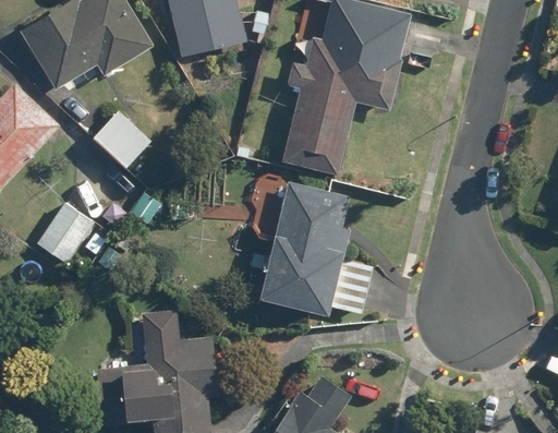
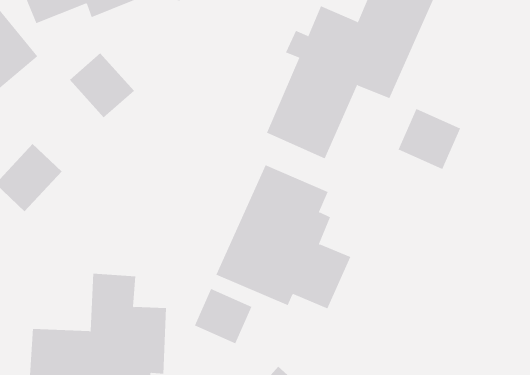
building: none -> [398,108,461,170]
building: none -> [194,288,252,344]

